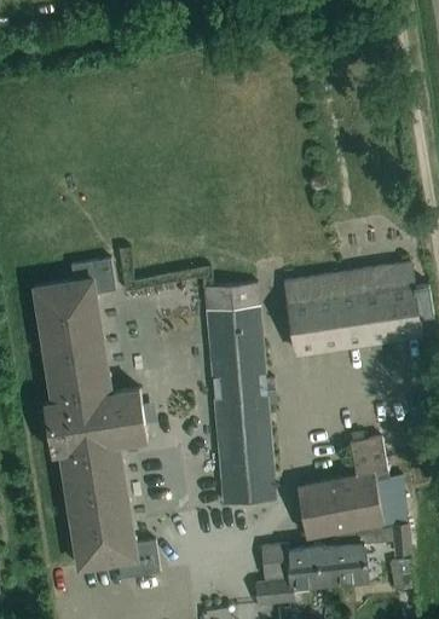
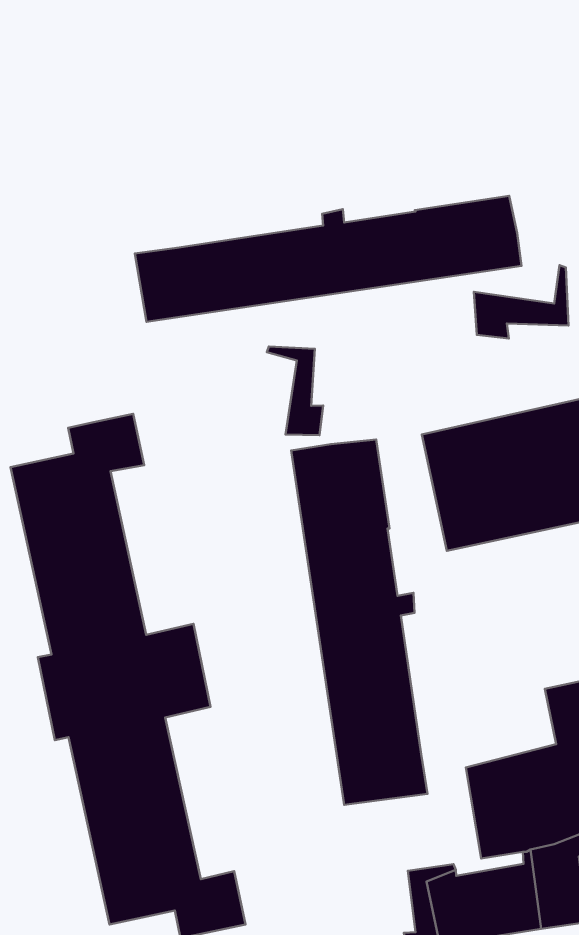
building: none -> [135,196,521,322]
building: none -> [474,265,568,338]
building: none -> [267,347,323,435]

